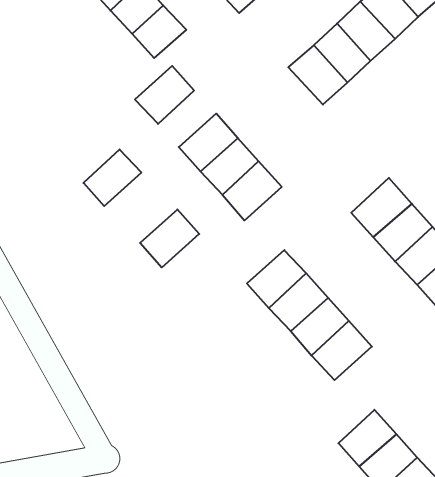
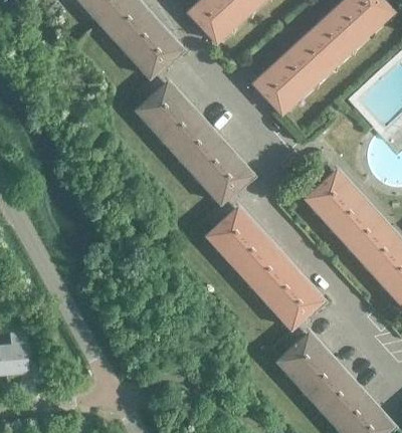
building: [83,149,141,206] -> [154,101,199,146]
building: [140,209,199,267] -> [206,207,252,252]
building: none -> [276,332,323,377]

